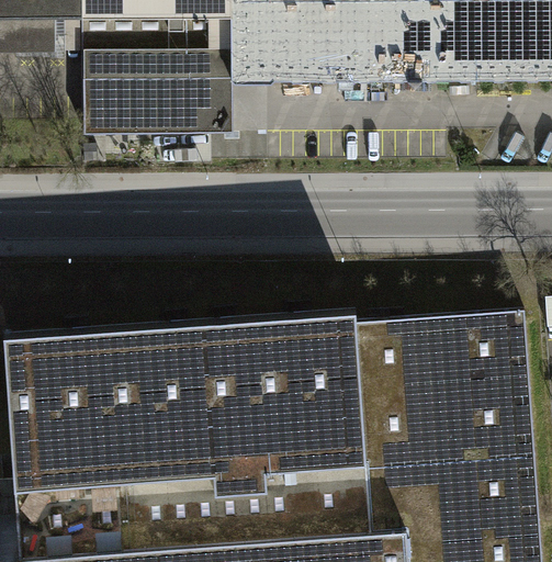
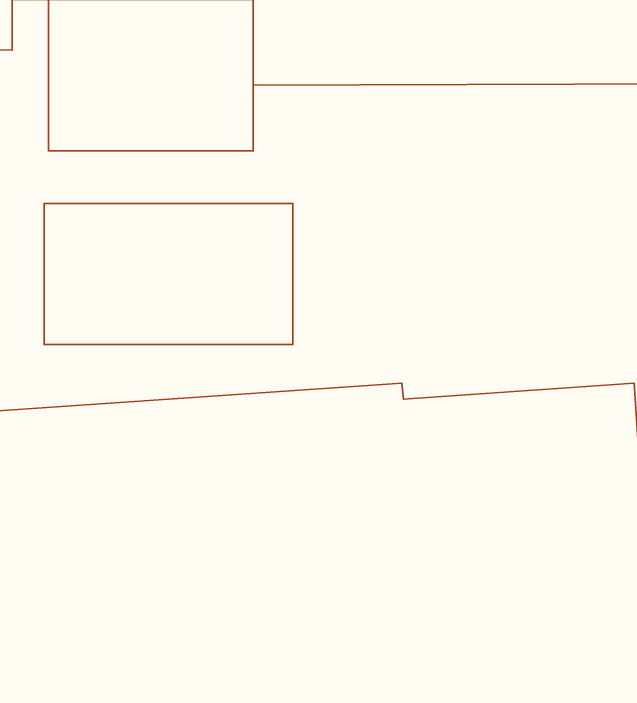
building: none -> [44,203,293,344]

